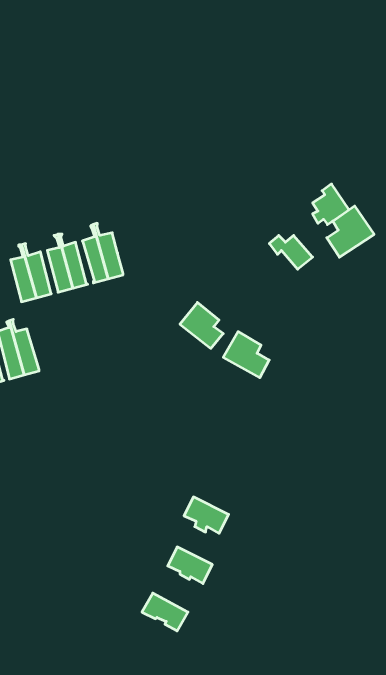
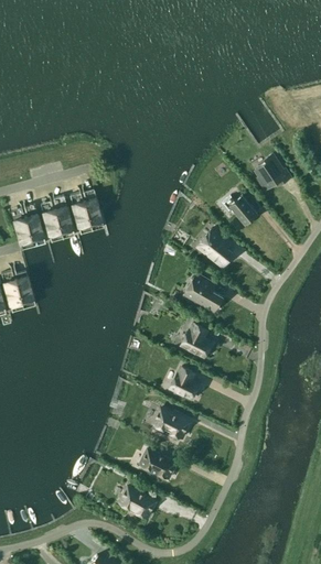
building: [327,206,374,257] -> none
building: [180,302,223,348] -> [199,229,234,267]
building: none -> [182,324,213,358]
building: none -> [171,367,200,399]

